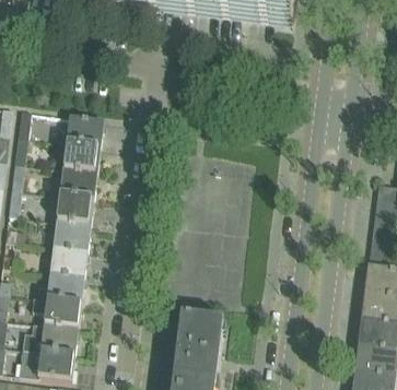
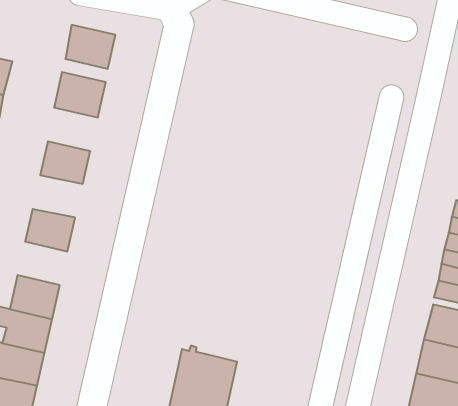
building: [65,141,101,172] -> [65,25,115,69]
building: [58,193,94,223] -> none
building: [51,245,87,275] -> none

